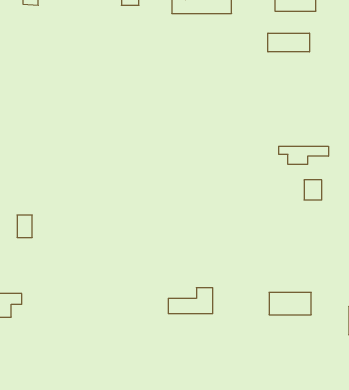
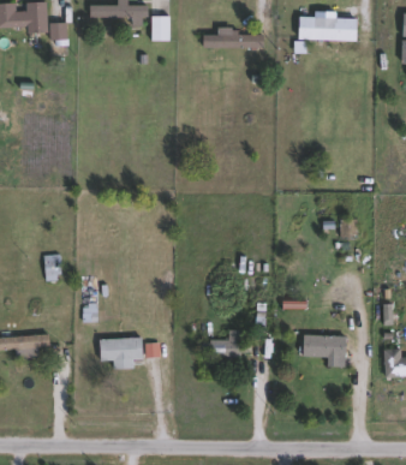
building: [268,33,309,52] -> none
building: [279,146,328,164] -> none
building: none -> [100,339,142,369]

